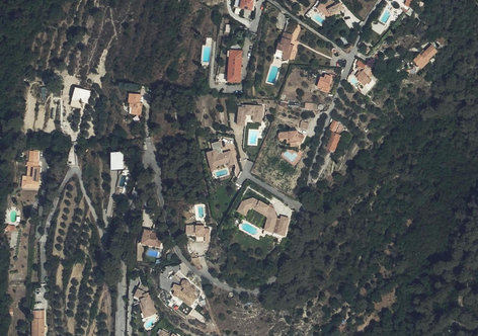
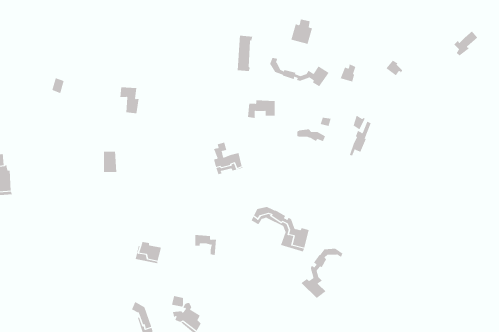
building: none -> [270,57,329,87]
building: none -> [301,248,343,299]

